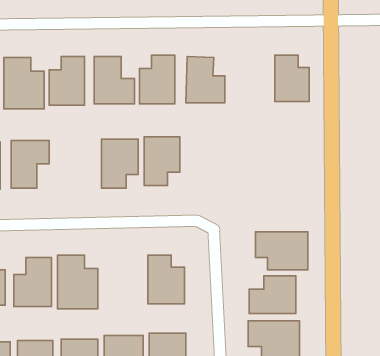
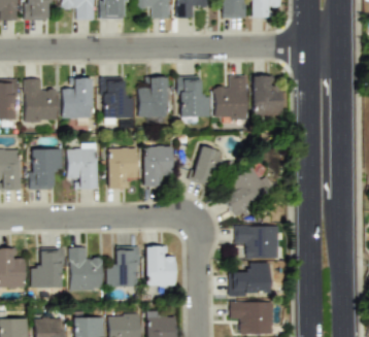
building: none -> [213,76,247,117]
building: none -> [69,142,97,189]
building: none -> [190,144,223,186]
building: none -> [223,167,275,215]
building: none -> [106,245,140,288]

